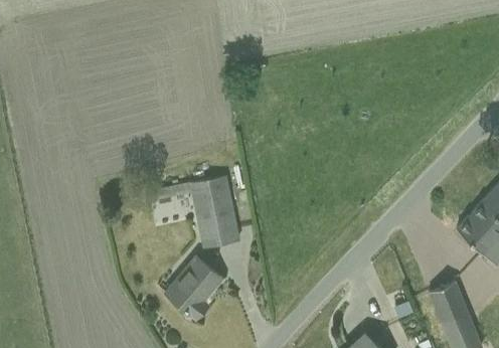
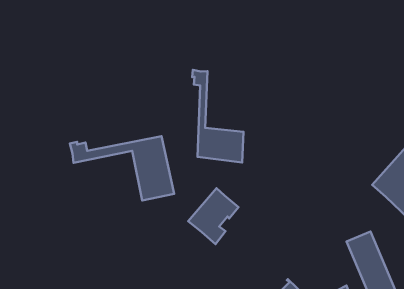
building: none -> [192,70,243,163]
building: [166,257,221,319] -> [188,188,238,244]

